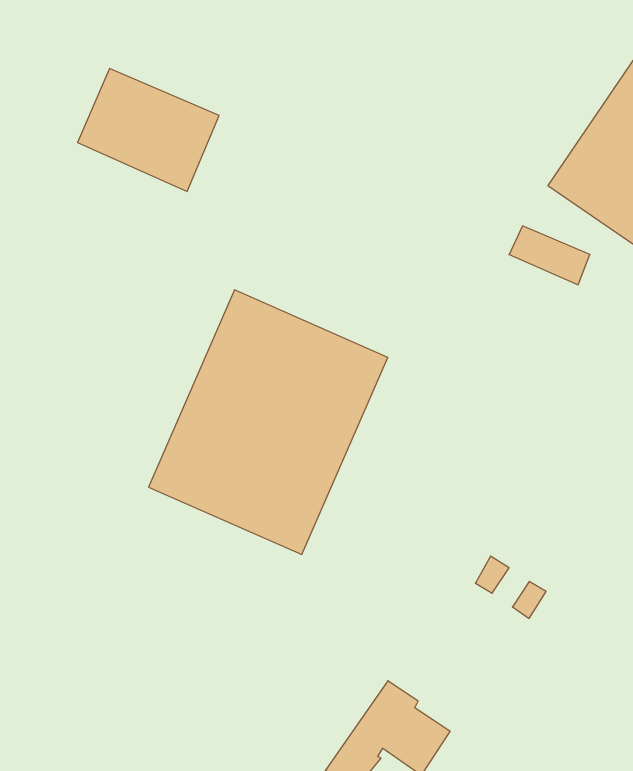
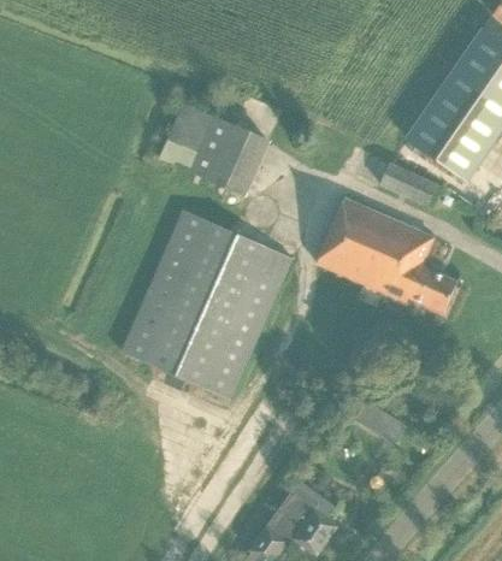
building: [78,68,219,191] -> [161,101,262,189]
building: none -> [317,199,457,313]

